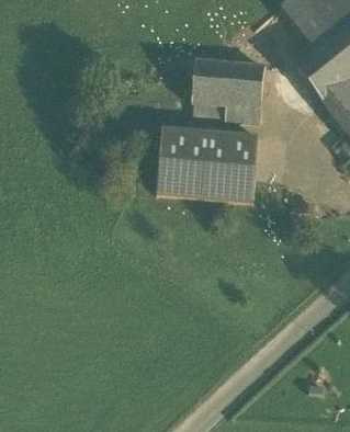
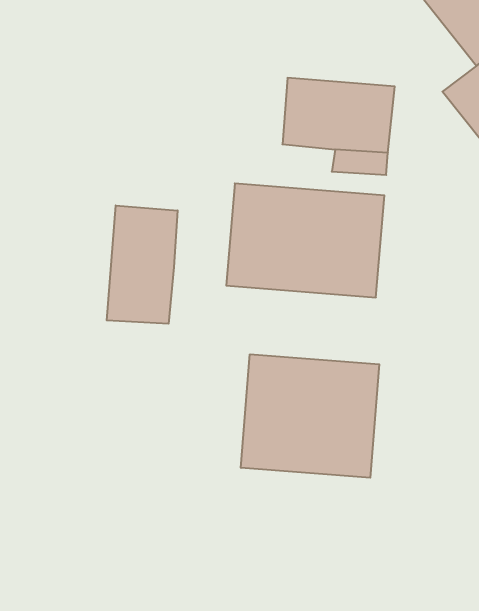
building: none -> [107,205,178,324]
building: none -> [241,354,379,478]

